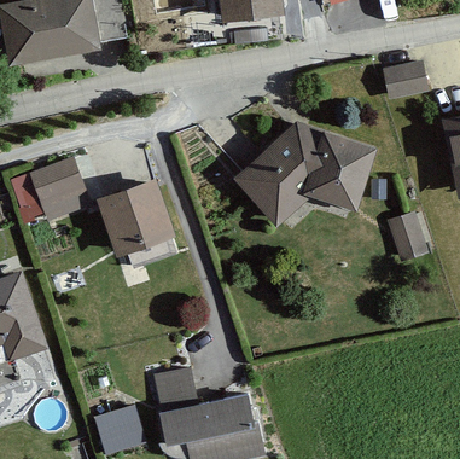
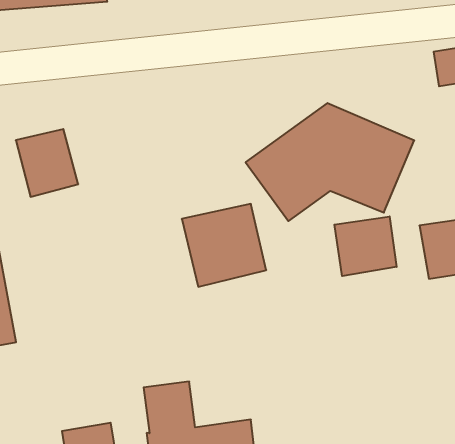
building: [93,179,169,254] -> [182,204,266,287]
building: none -> [334,216,397,276]

